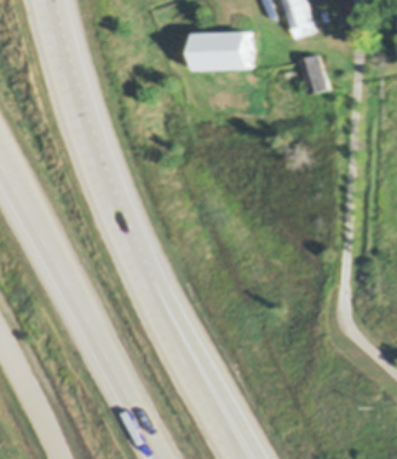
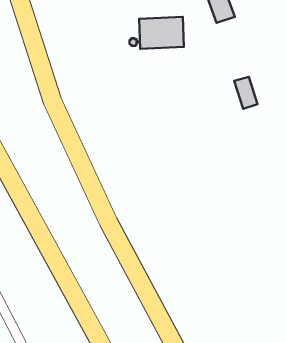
building: [299,54,328,94] -> [234,77,257,109]

